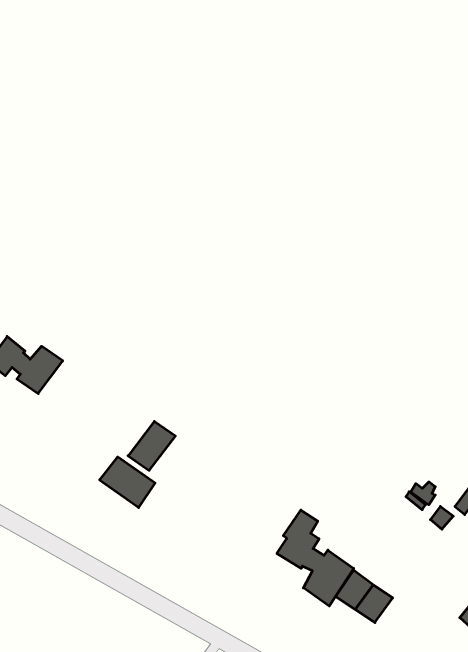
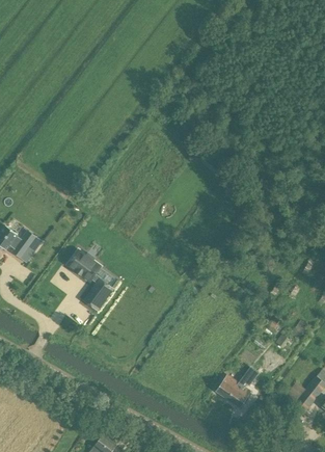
building: [100,457,155,508] -> [71,248,106,281]
building: [277,510,354,606] -> none

